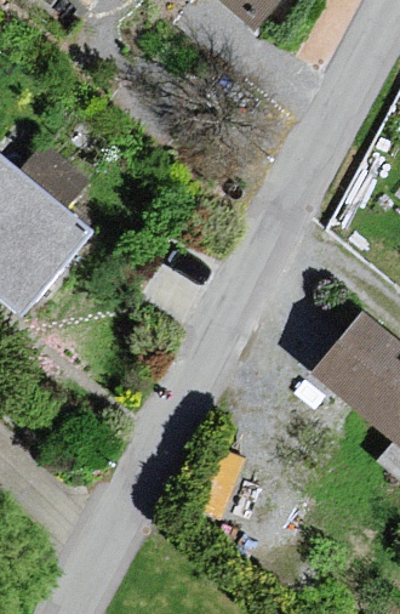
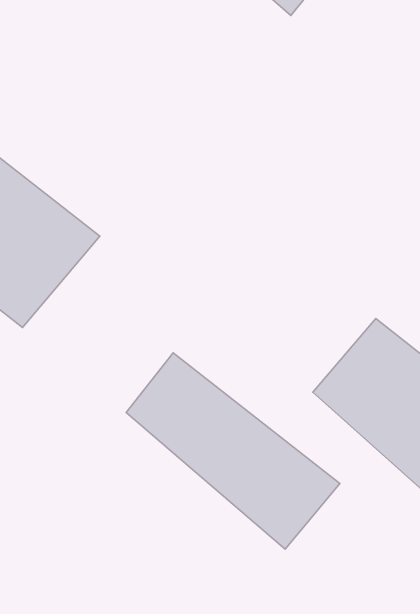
building: none -> [126,353,340,549]

